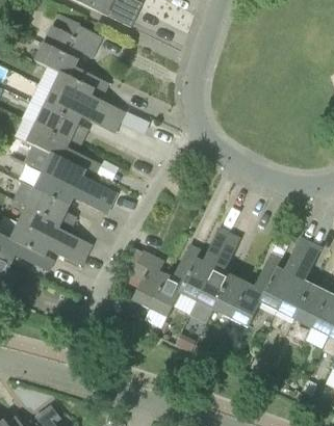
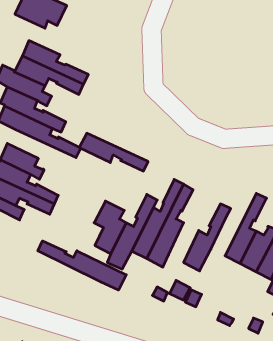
building: [34,45,107,94] -> none
building: [34,171,110,213] -> [79,133,148,171]
building: [259,237,309,311] -> none
building: [212,269,252,318] -> none
building: none -> [38,241,126,290]

